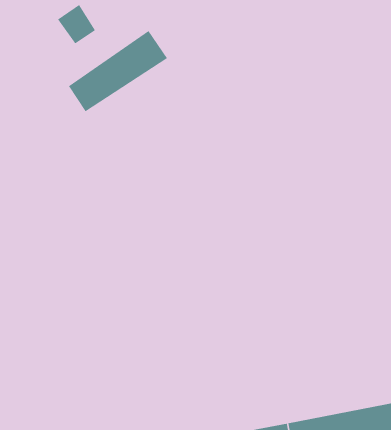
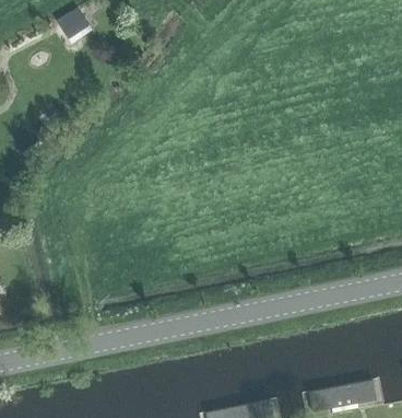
building: [68,30,168,112] -> none

